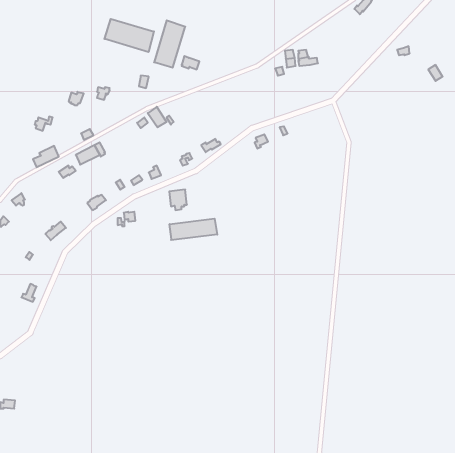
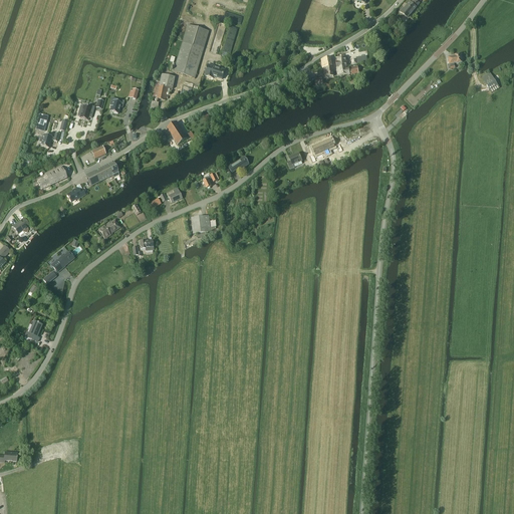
building: [104,19,154,52] -> none
building: [170,219,217,240] -> none

